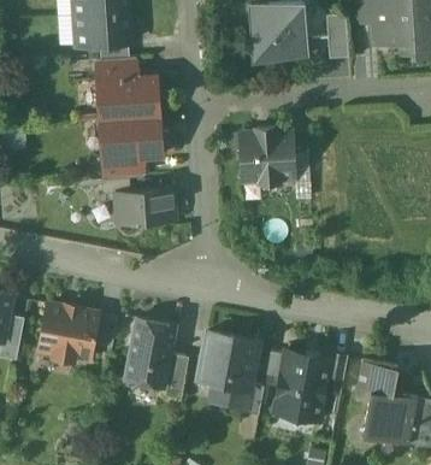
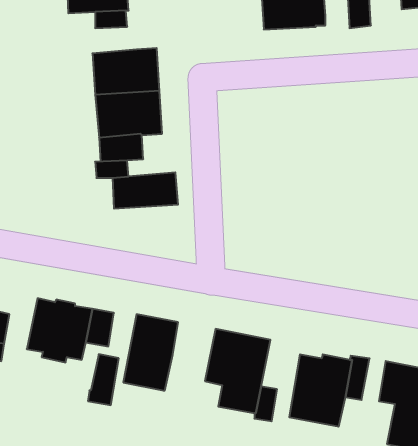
building: [96,58,137,83] -> none
building: [240,129,295,186] -> none
building: [160,354,188,400] -> [88,354,119,405]

